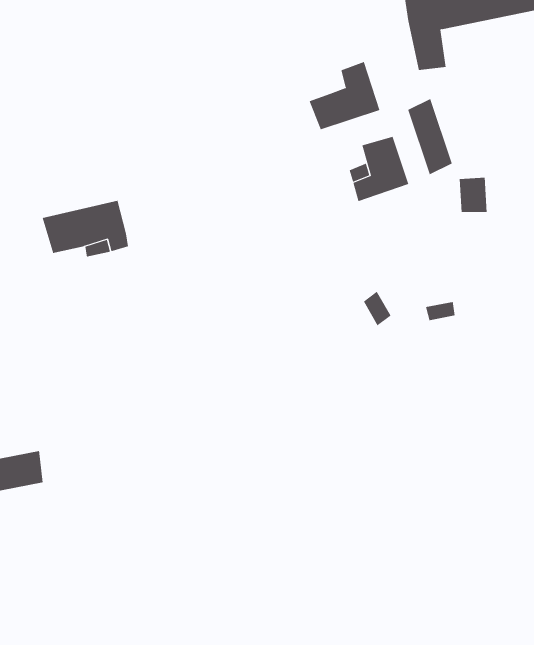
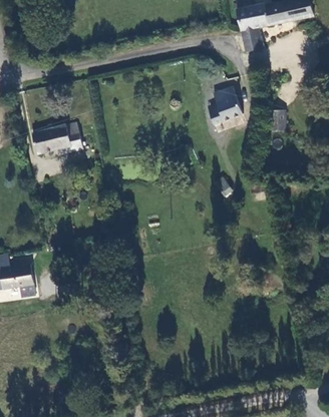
building: [309,61,380,130] -> none
building: [408,98,452,175] -> none

